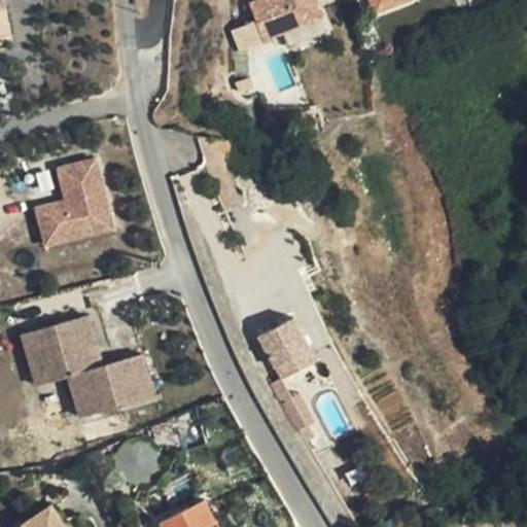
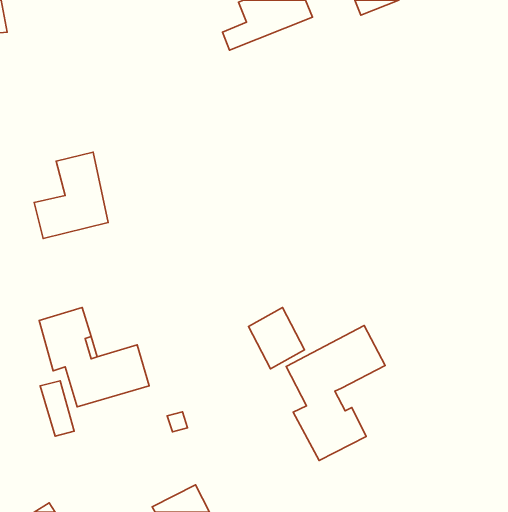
building: [20,329,55,386] -> [40,381,74,436]
building: none -> [286,326,385,460]

